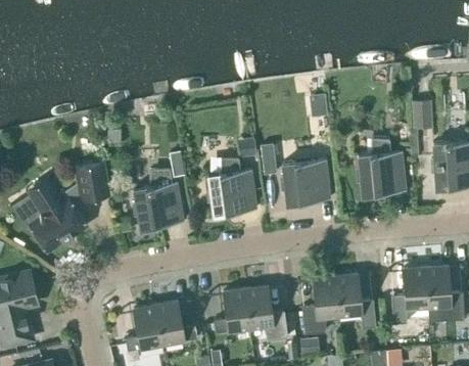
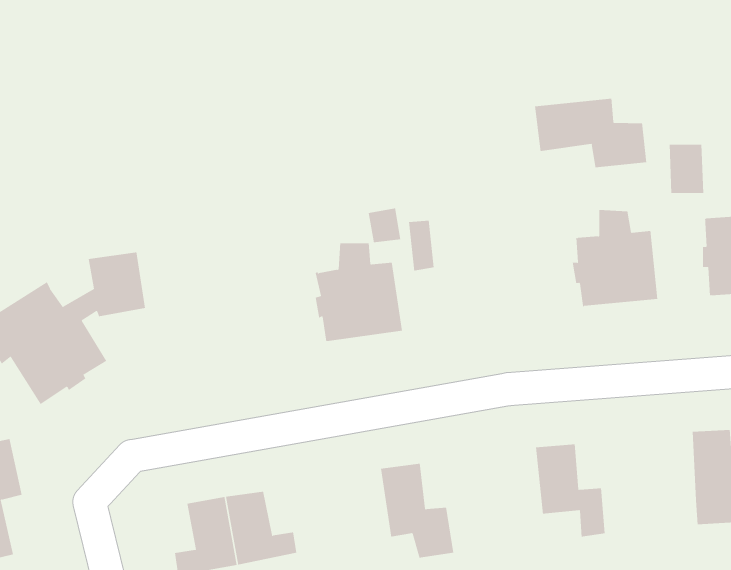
building: none -> [535,98,647,168]
building: [280,158,330,204] -> none
building: [133,170,184,229] -> none
building: [391,268,427,324] -> none
building: [301,277,338,334] -> none
building: [213,289,250,333] -> none

